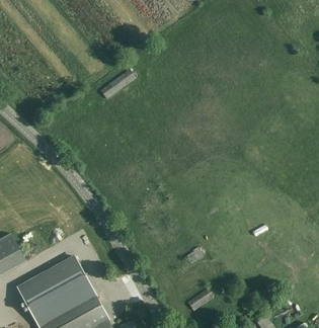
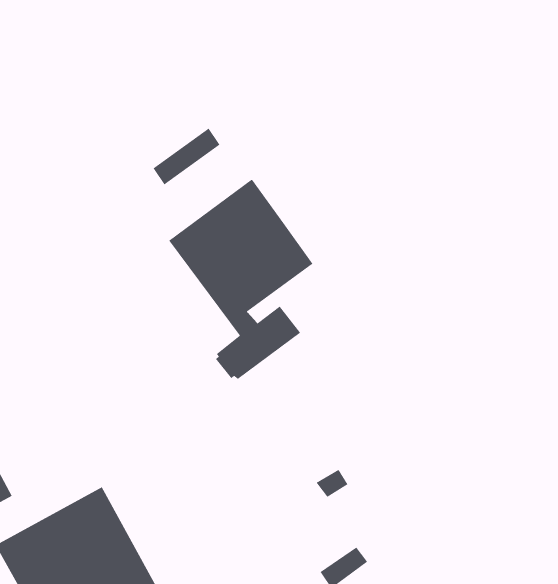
building: none -> [168,179,314,380]

